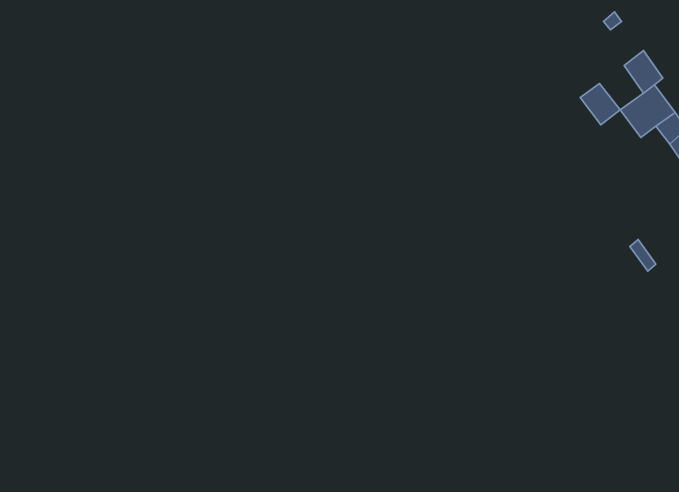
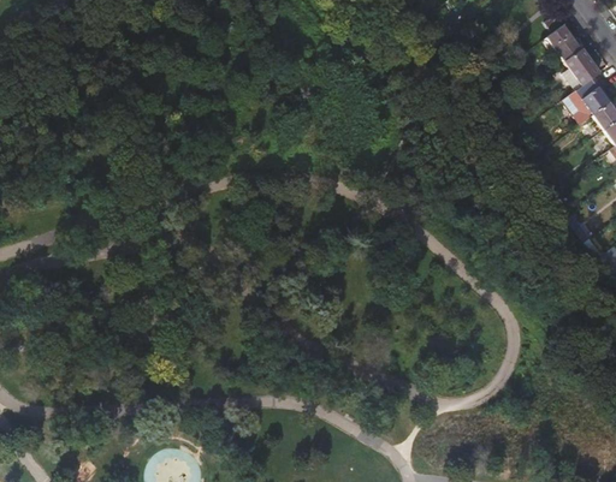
building: [580,84,620,125] -> [549,25,584,61]

